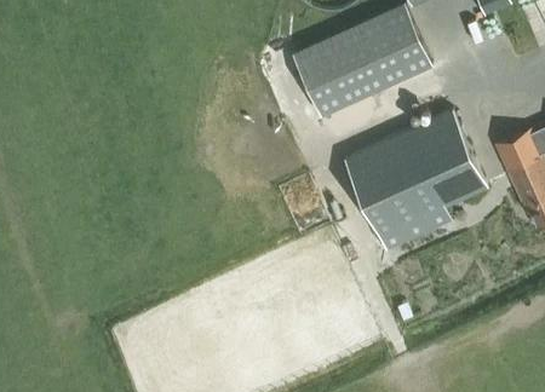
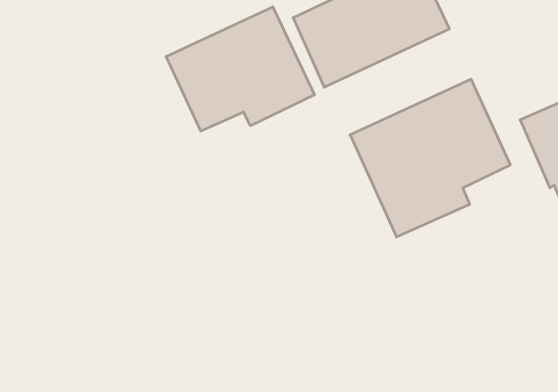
building: none -> [166,7,314,131]

